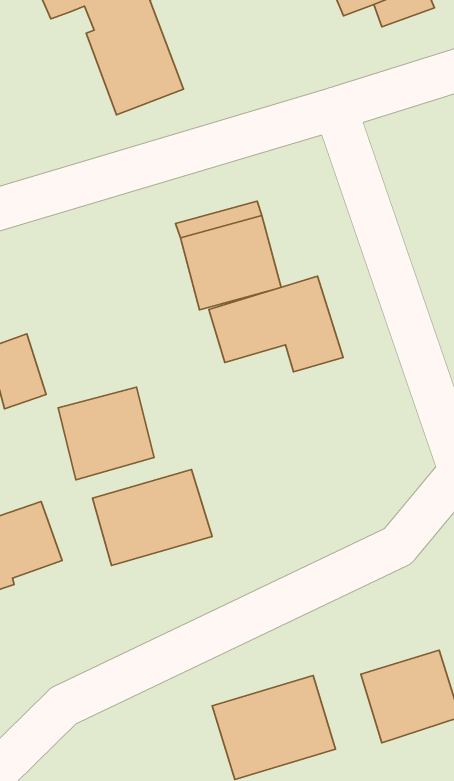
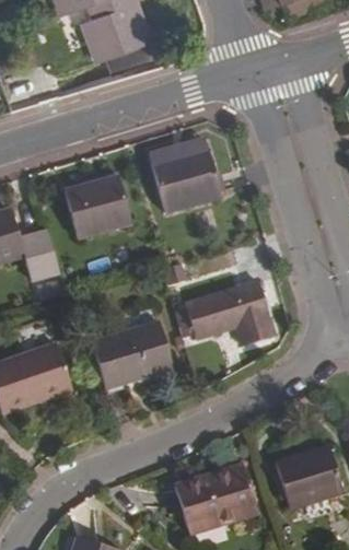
building: [209,276,343,372] -> [185,280,277,346]
building: [58,387,154,480] -> [66,175,131,238]

